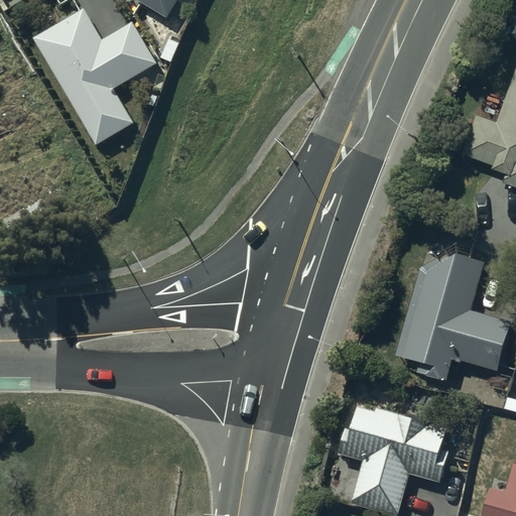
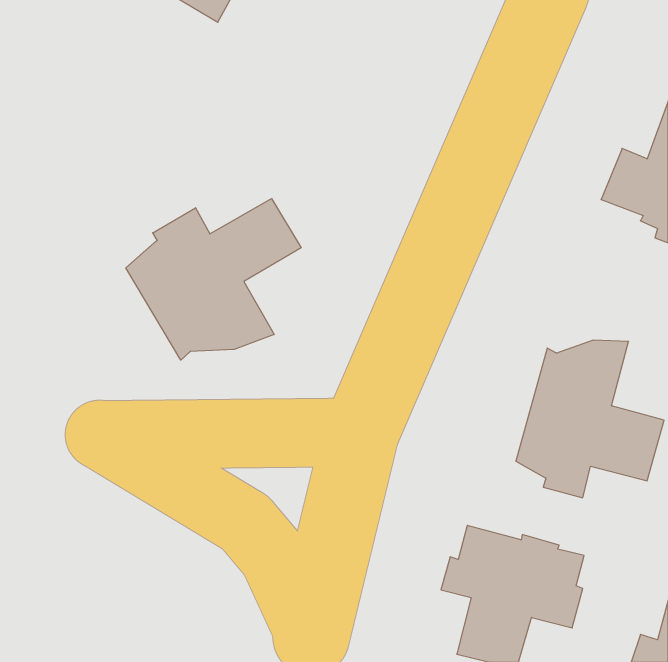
building: [34,8,156,145] -> none
building: none -> [126,199,301,360]

